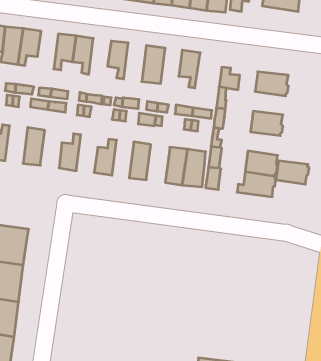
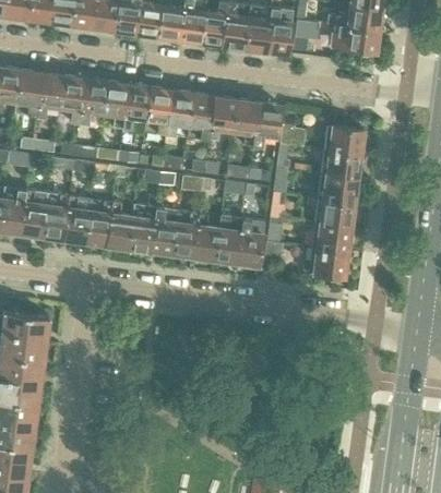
building: none -> [60,76,85,122]
building: none -> [122,85,150,130]
building: none -> [165,91,192,137]
building: none -> [210,97,236,141]
building: none -> [251,103,282,146]
building: none -> [322,149,362,178]
building: none -> [21,191,48,237]
building: none -> [63,196,90,242]
building: none -> [107,202,133,248]
building: none -> [151,208,177,254]
building: none -> [192,214,219,260]
building: [276,161,309,184] -> [315,199,356,227]

